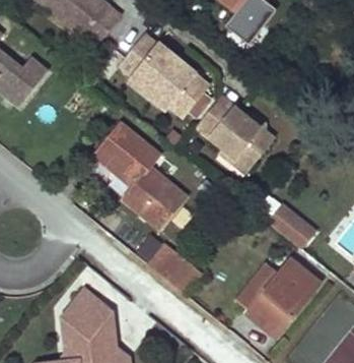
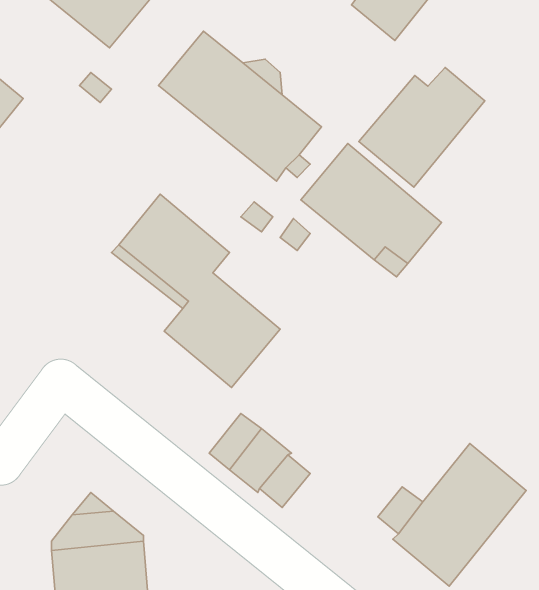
building: none -> [359,67,485,187]
building: [266,204,318,253] -> none

